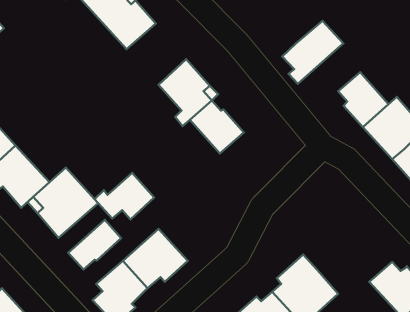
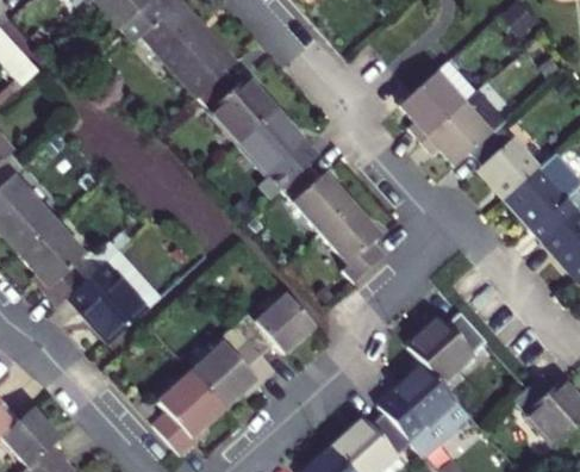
building: none -> [197,69,274,142]
building: none -> [419,91,503,166]
building: none -> [318,204,382,284]
building: [95,173,154,219] -> [238,294,316,355]
building: none -> [410,311,489,383]
building: [68,220,121,269] -> none

